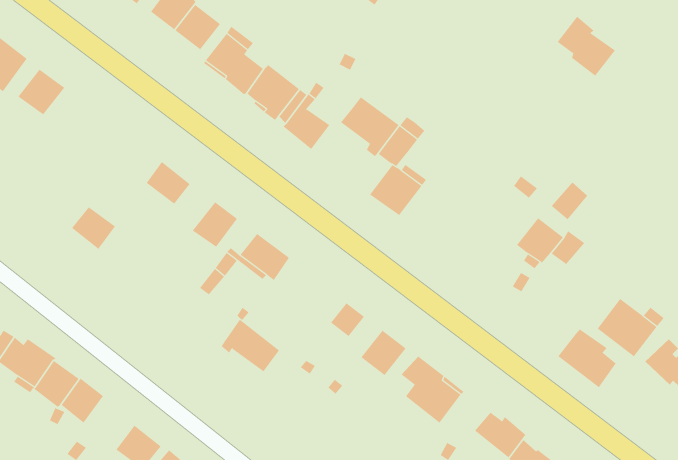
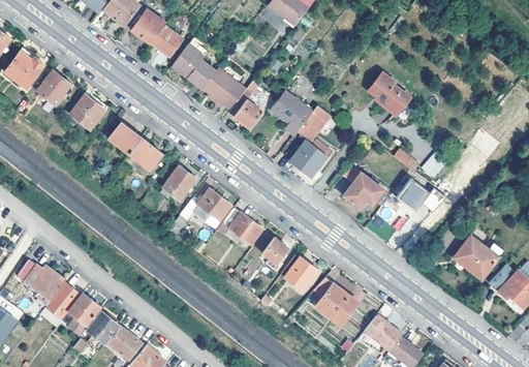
building: [557,16,616,76] -> [368,71,410,115]
building: none -> [71,95,106,129]
building: none -> [343,165,383,208]
building: [71,206,116,250] -> [110,123,142,154]
building: [221,319,280,372] -> [220,207,262,245]
building: [557,329,617,388] -> none
building: none -> [87,310,120,344]

